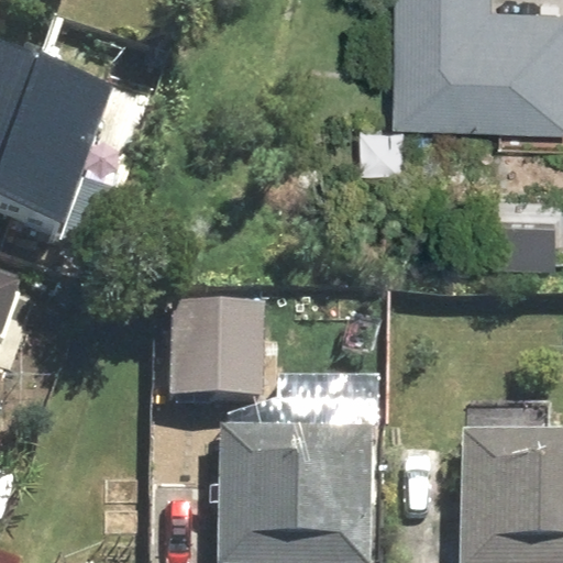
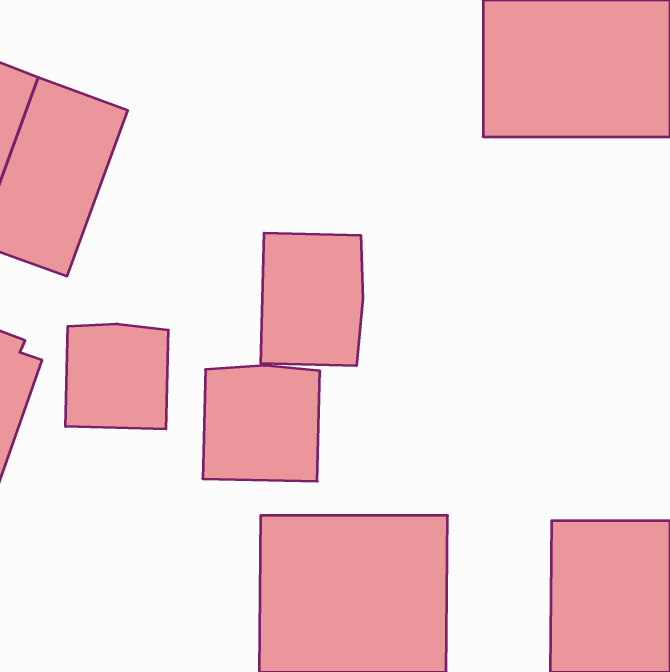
building: none -> [261,233,363,366]
building: none -> [66,324,168,429]

